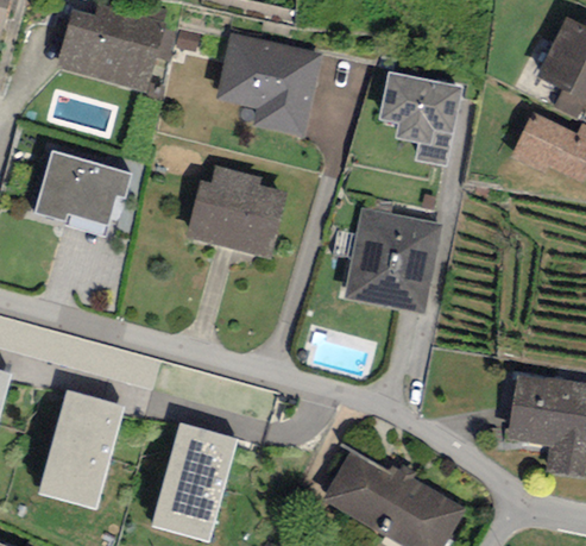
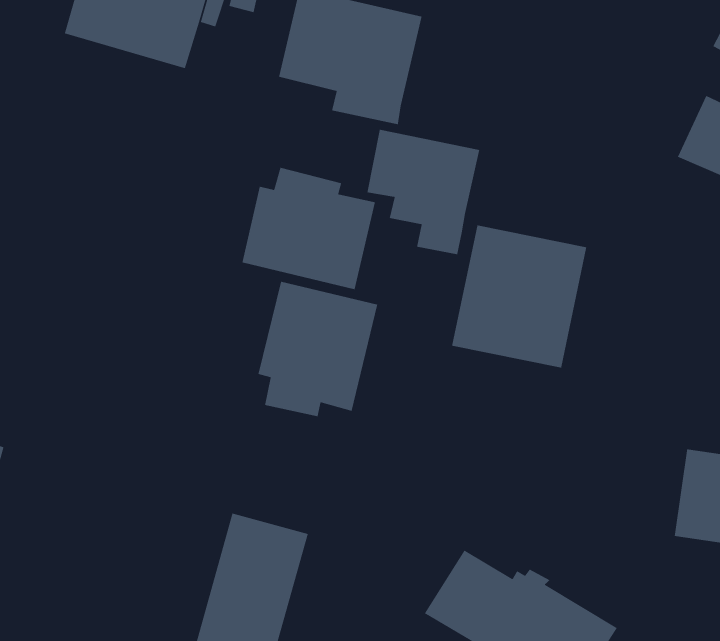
building: [378,70,462,164] -> [366,129,480,255]
building: [34,150,131,224] -> none
building: none -> [258,281,378,417]
building: [36,389,125,508] -> none

